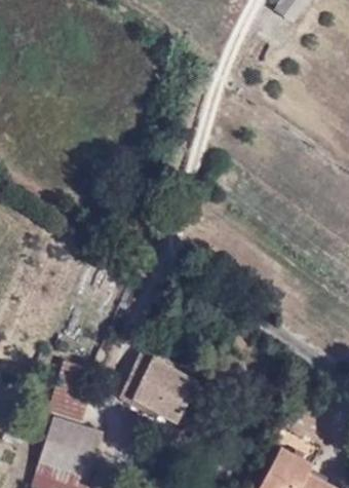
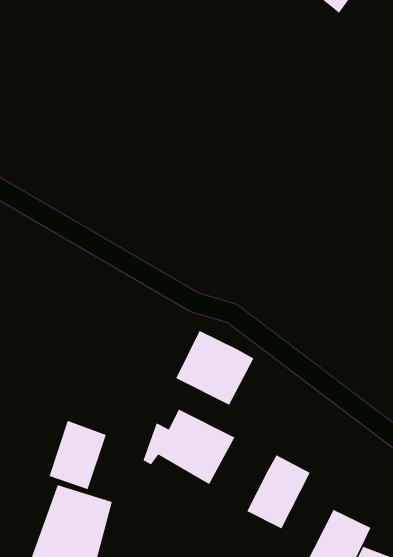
building: none -> [175,330,254,406]
building: none -> [246,454,311,530]

